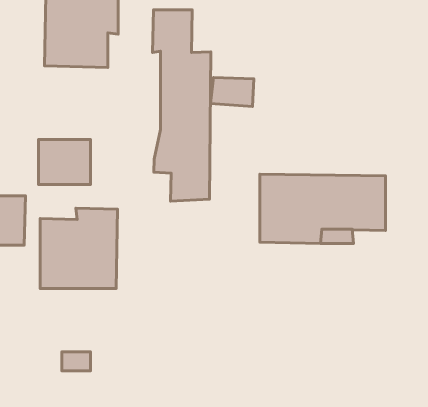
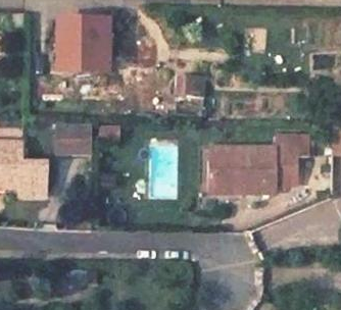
building: [153,10,211,201] -> none
building: [40,208,118,288] -> none

